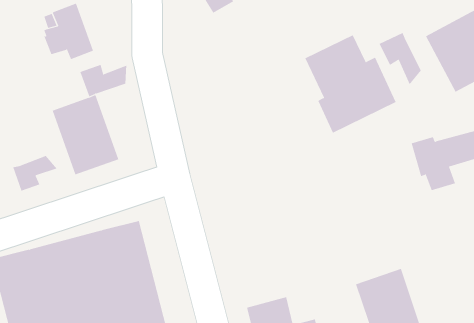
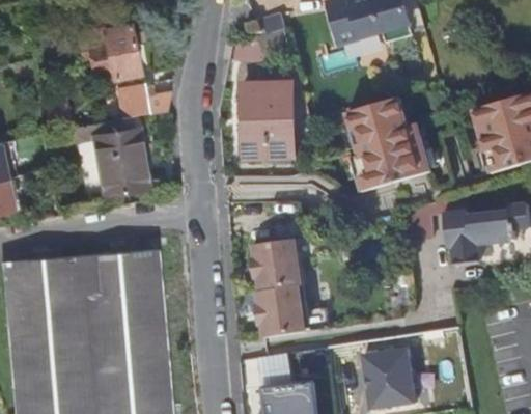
building: [379,32,422,85] -> none
building: none -> [244,84,292,153]
building: [13,155,57,192] -> none
building: none -> [249,239,304,335]

